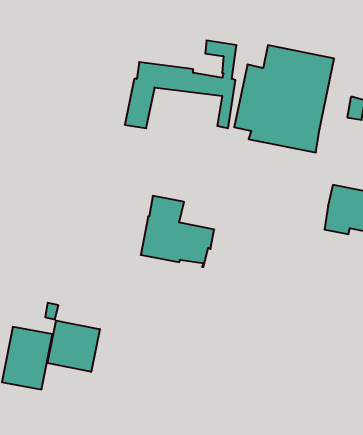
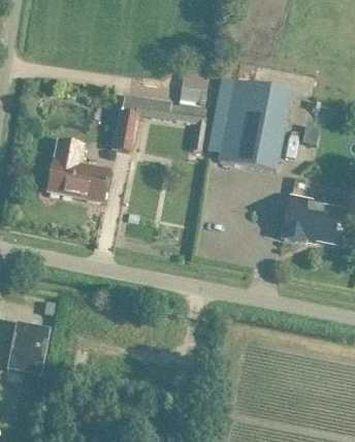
building: [141,196,214,267] -> [47,139,110,200]
building: [47,321,100,372] -> none

